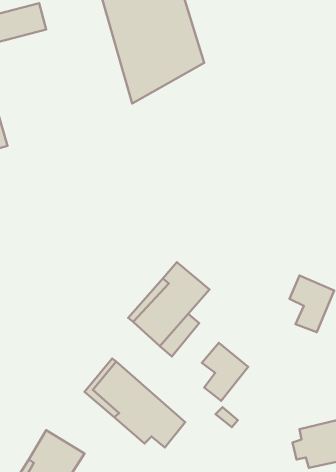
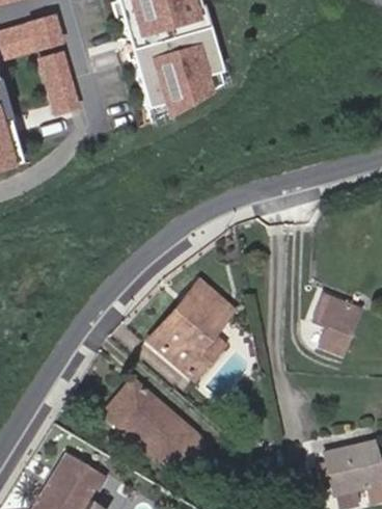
building: none -> [38,52,80,111]
building: [202,343,248,401] -> none

